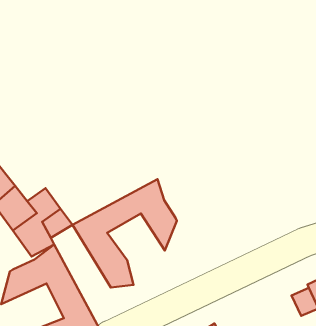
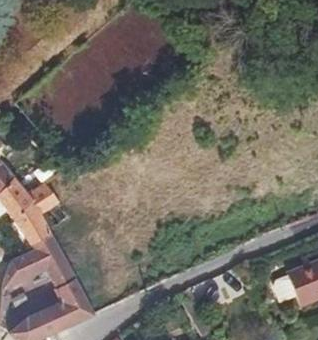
building: [73,179,177,287] -> none

